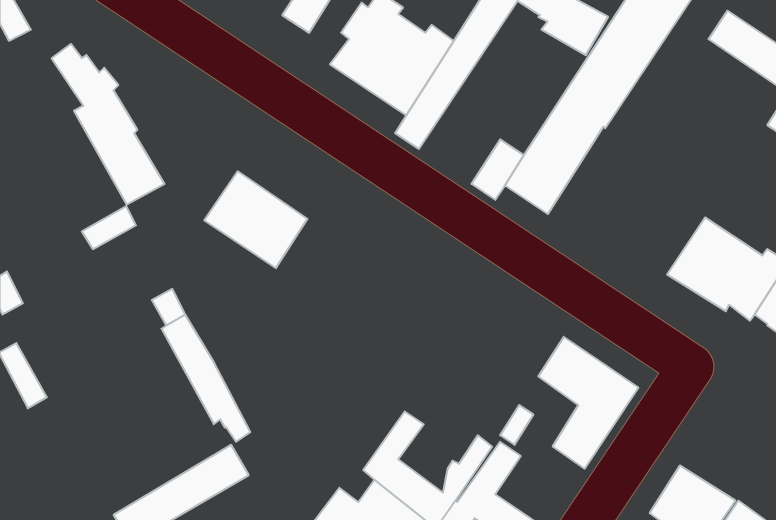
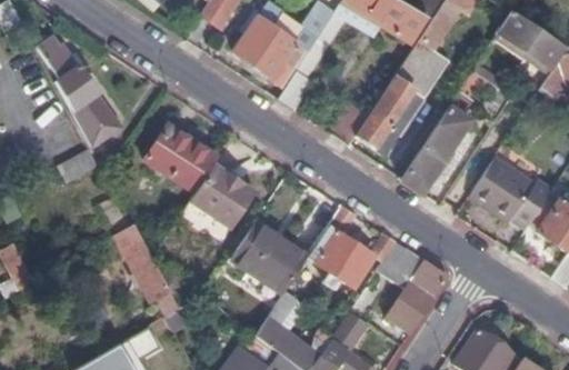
building: none -> [401,107,470,194]
building: none -> [190,166,257,229]
building: none -> [315,206,397,292]
building: none -> [233,220,310,291]

